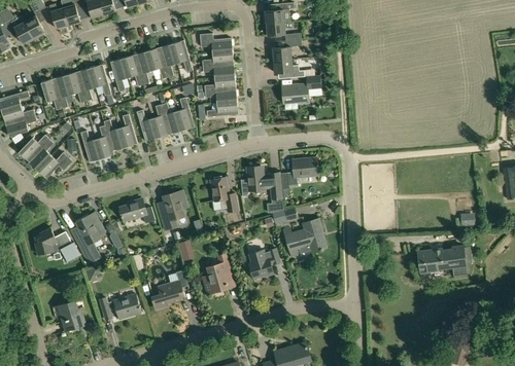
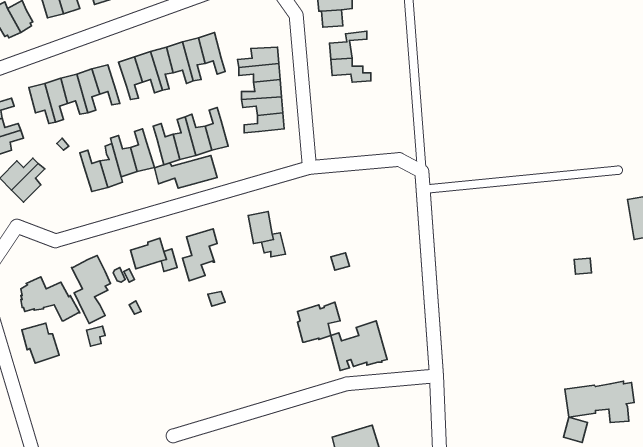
building: [200,34,233,52] -> none
building: [282,76,321,104] -> none
building: none -> [155,155,217,188]
building: [37,154,71,180] -> none
building: [287,157,319,186] -> none
building: [241,169,282,209] -> none
building: [284,218,328,256] -> [331,321,387,370]
building: [418,246,472,278] -> [565,381,634,422]
building: [204,254,232,293] -> none
building: [152,270,188,308] -> none
building: [100,293,142,320] -> none
building: [57,300,85,331] -> [22,323,59,363]

